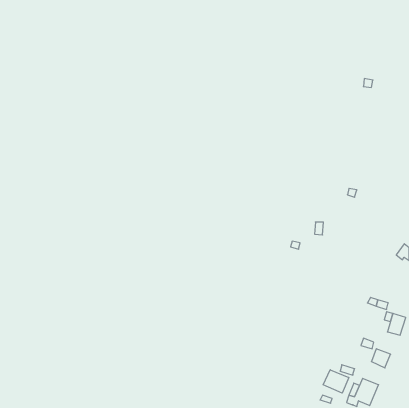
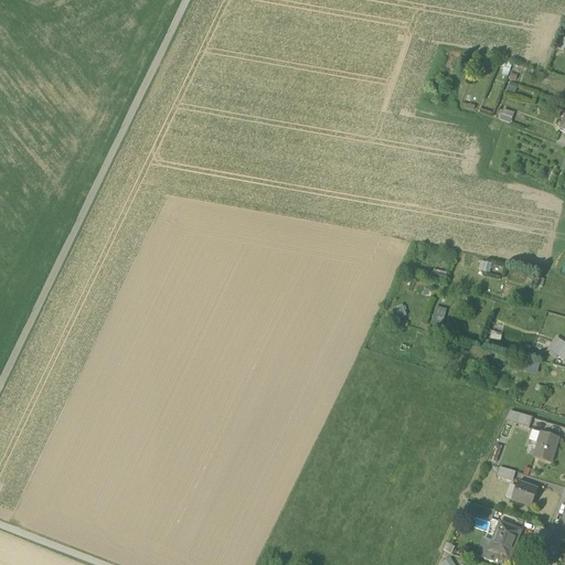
building: [323,370,349,393] -> none

